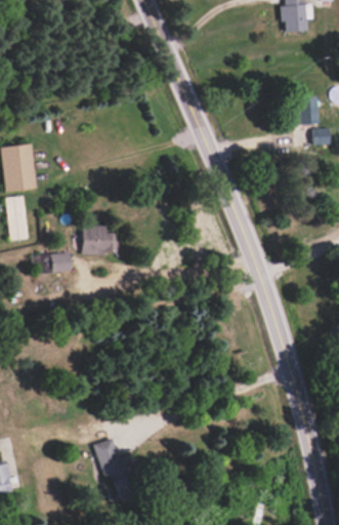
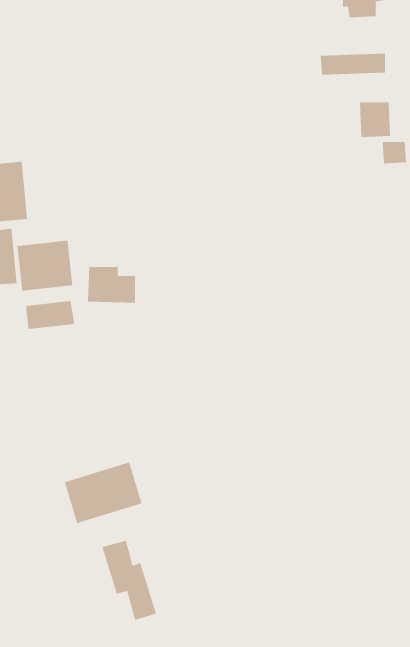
building: none -> [320,53,386,75]
building: none -> [17,240,73,291]
building: none -> [64,462,142,524]

